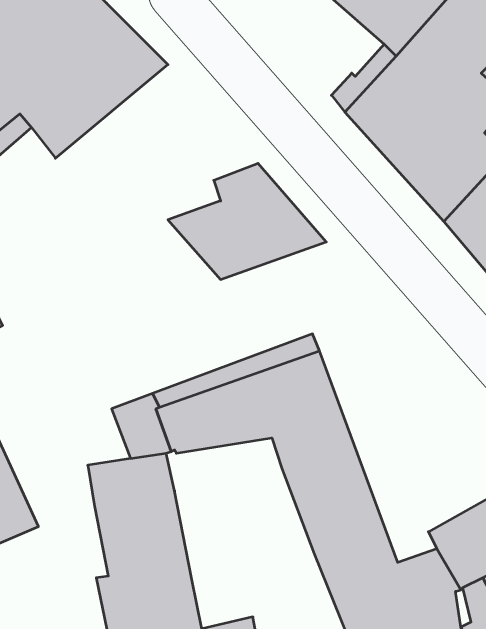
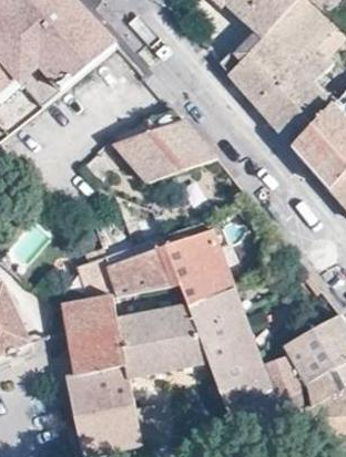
building: none -> [116,305,207,377]

